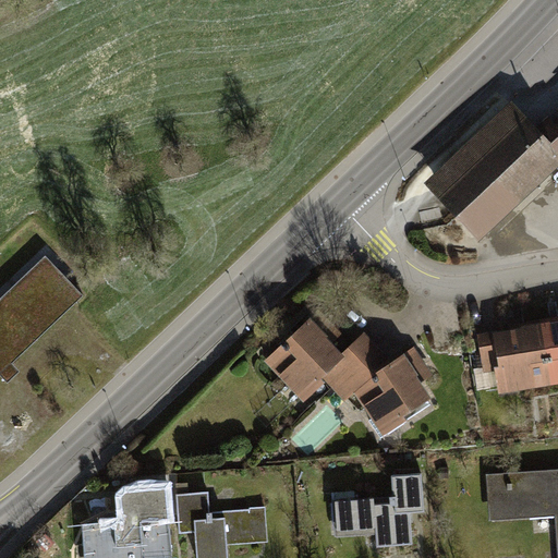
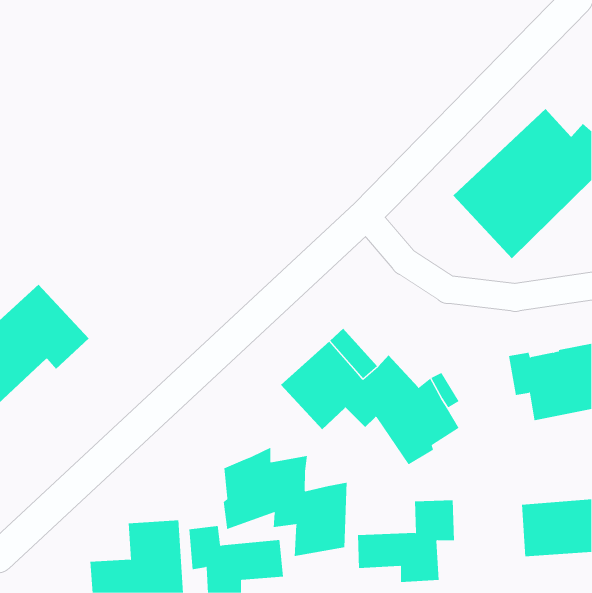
building: none -> [223,447,347,557]

